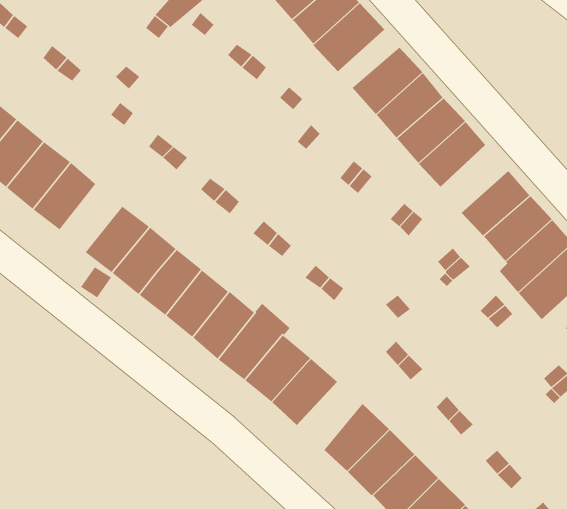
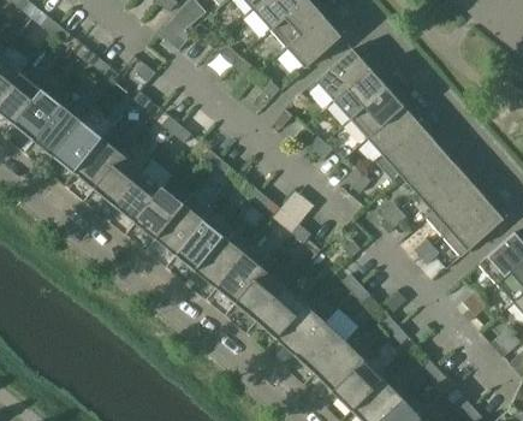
building: none -> [376,123,435,179]
building: none -> [94,153,142,204]
building: none -> [274,303,323,355]

